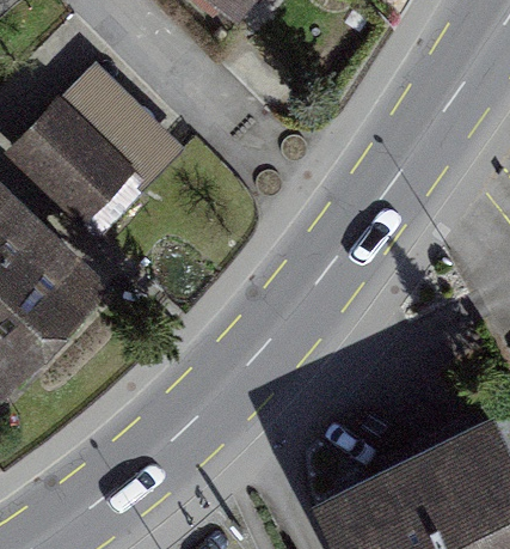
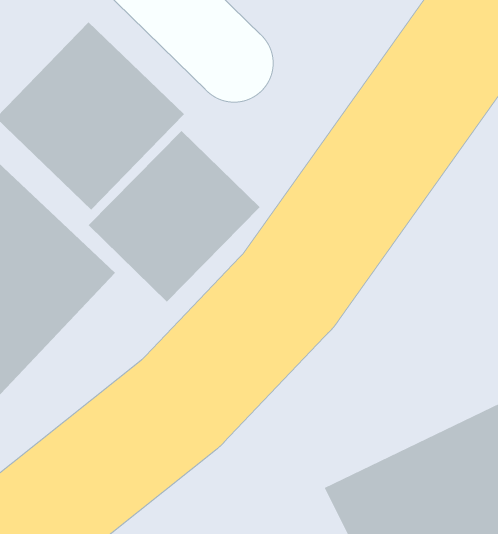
building: none -> [88,130,261,302]

